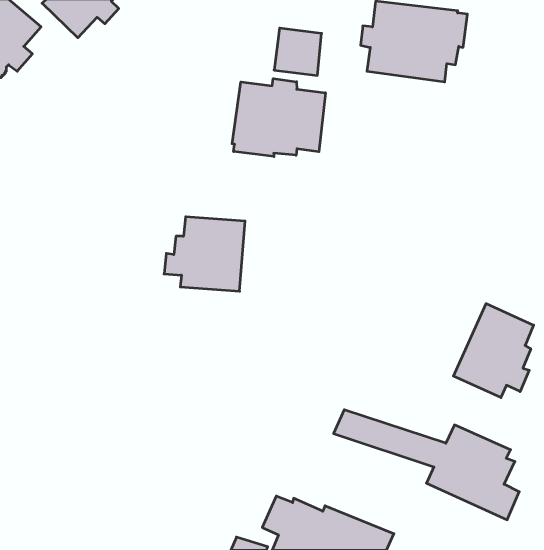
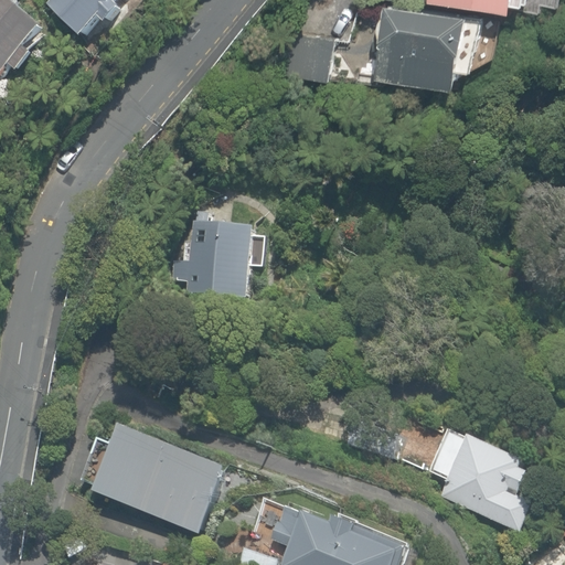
building: [232,79,325,157] -> none
building: [453,304,534,398] -> none
building: none -> [93,422,228,536]

